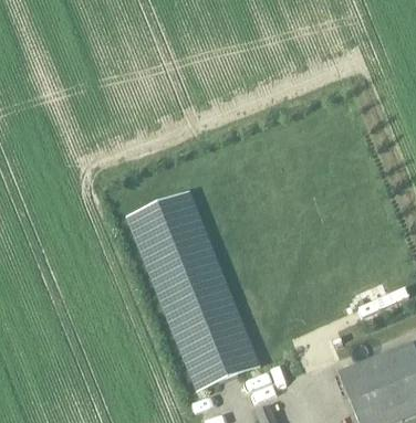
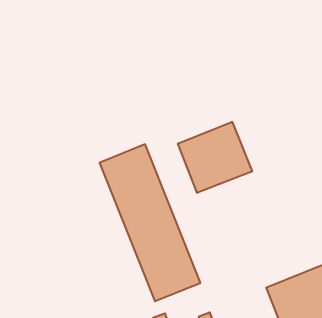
building: none -> [178,122,252,193]

